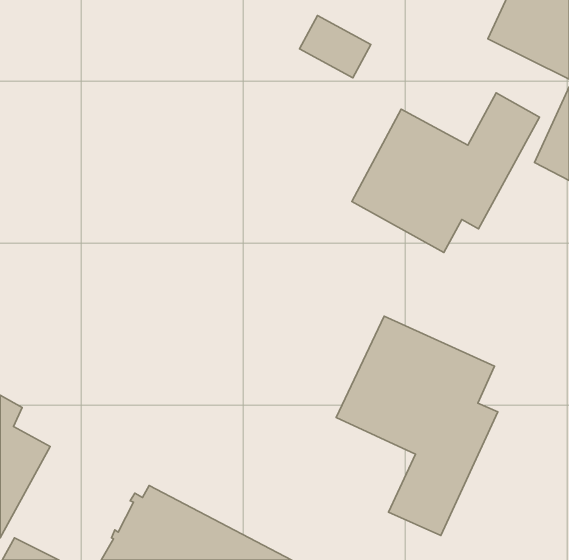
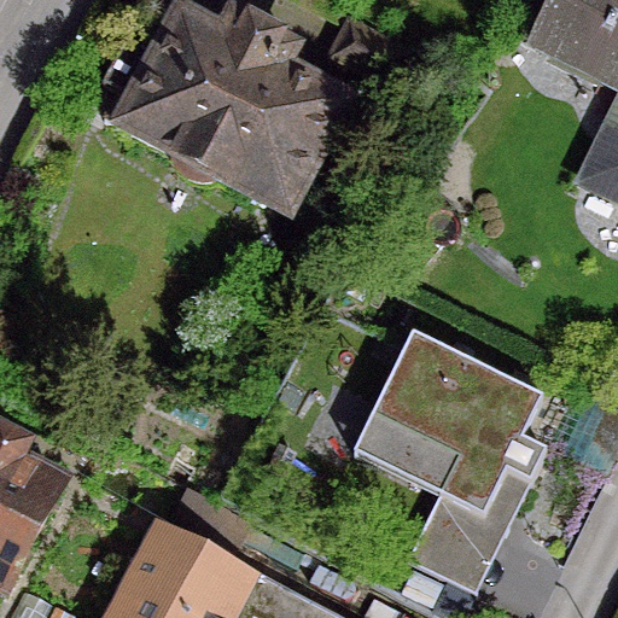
building: none -> [95,11,342,200]
building: [352,93,540,252] -> none

